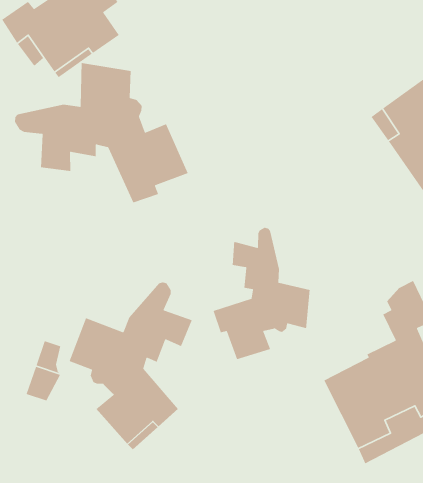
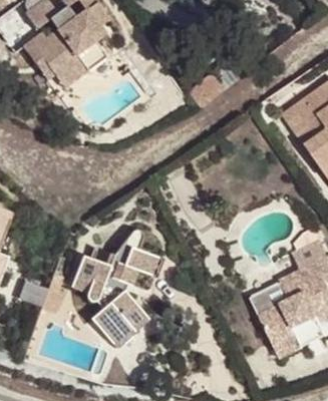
building: [14,62,189,204] -> none
building: [212,227,310,360] -> none

